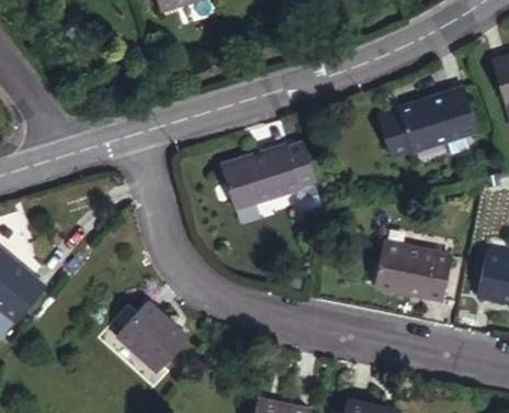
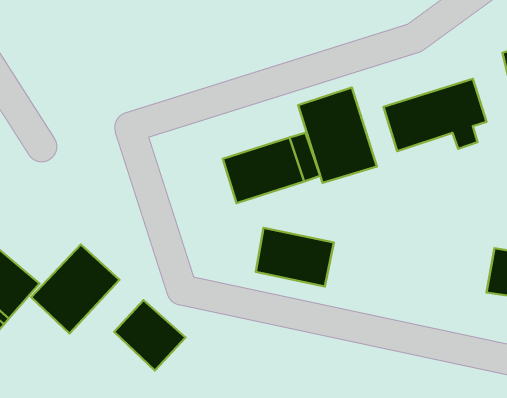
building: none -> [298,88,377,183]
building: [374,241,450,298] -> [256,228,334,287]
building: none -> [31,245,120,334]

